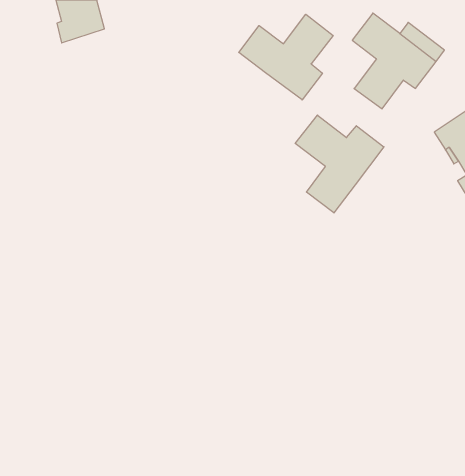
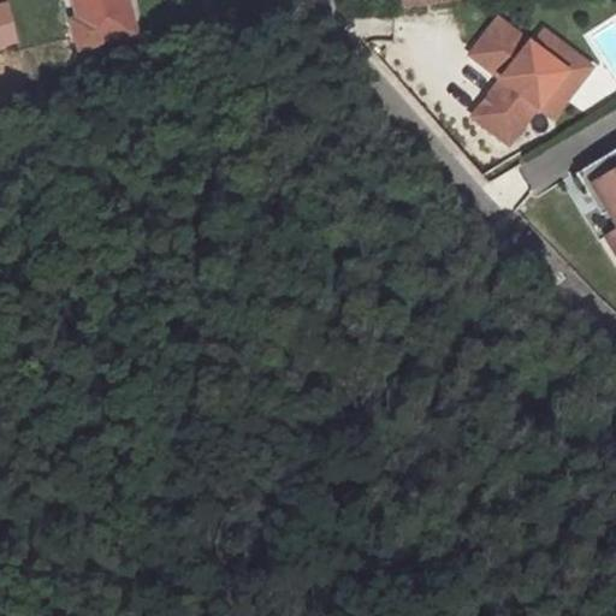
building: [239,14,333,100] -> none
building: [295,115,384,213] -> none

